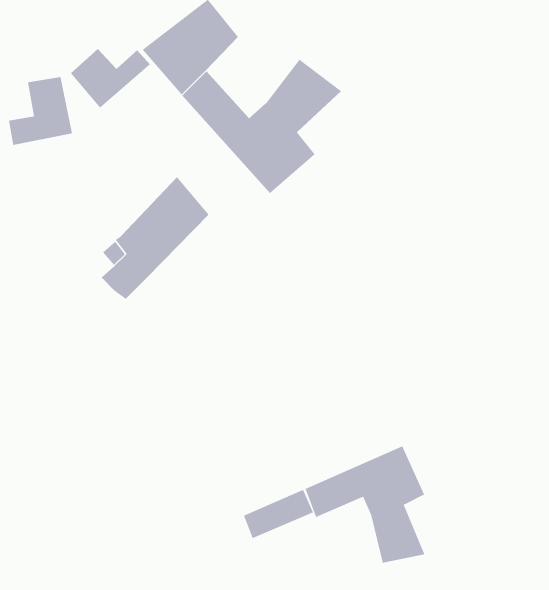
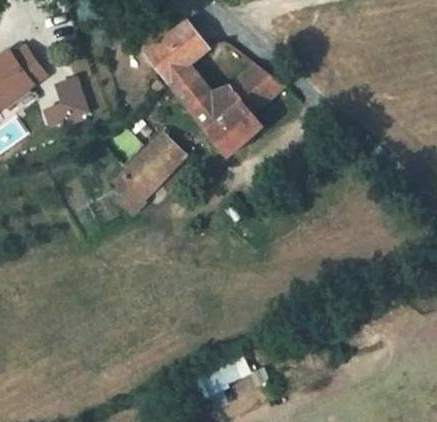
building: [70,48,151,109] -> none
building: [305,446,425,563] -> none

